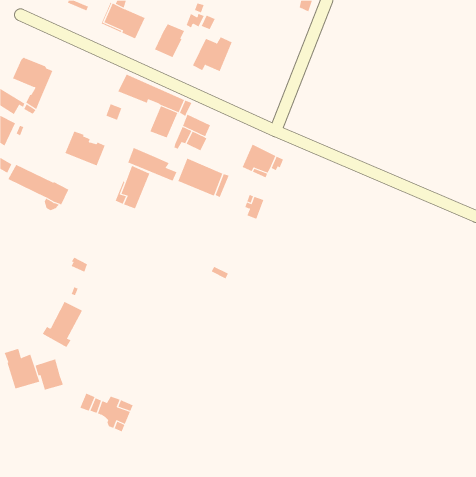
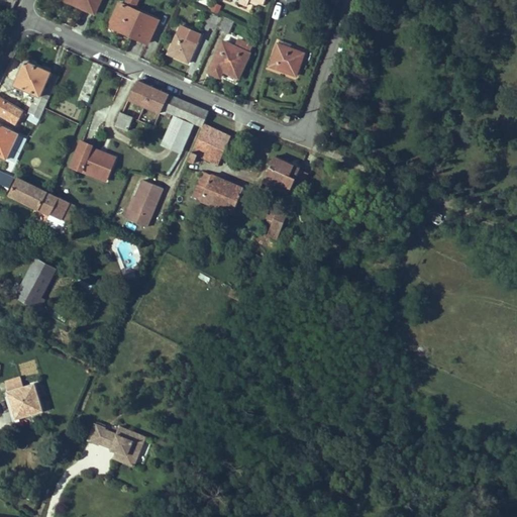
building: none -> [269,39,303,75]
building: [128,147,177,181] -> none
building: [42,301,83,348] -> [11,257,56,308]
building: [35,358,63,391] -> none

